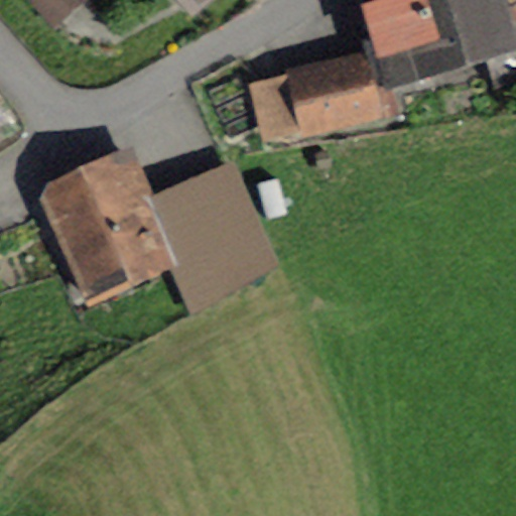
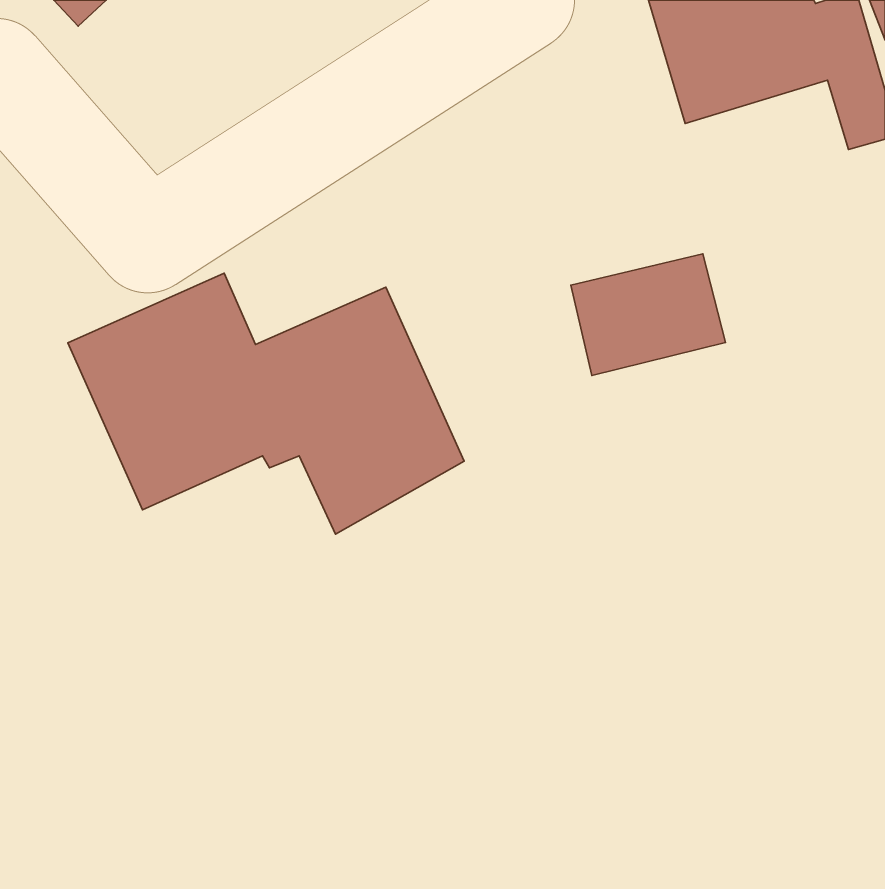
building: [278,62,368,133] -> [571,254,726,376]

